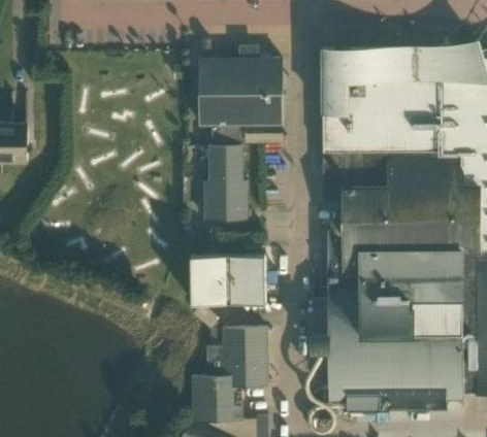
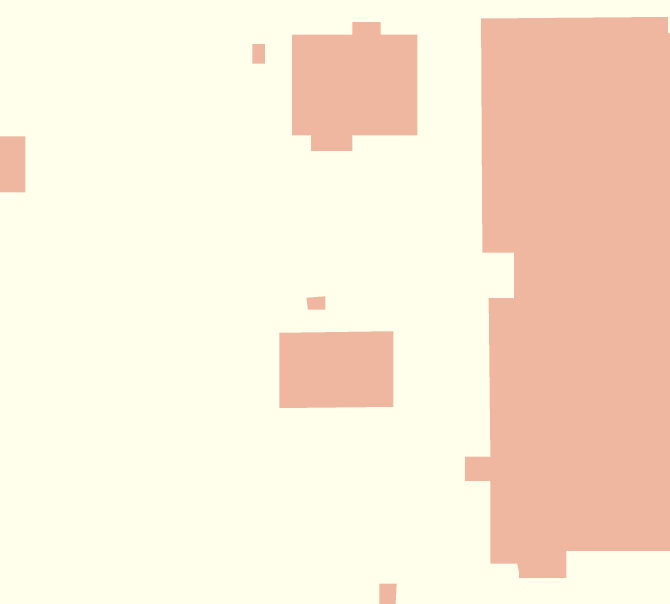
building: [205,135,248,221] -> none
building: [191,326,268,422] -> none

